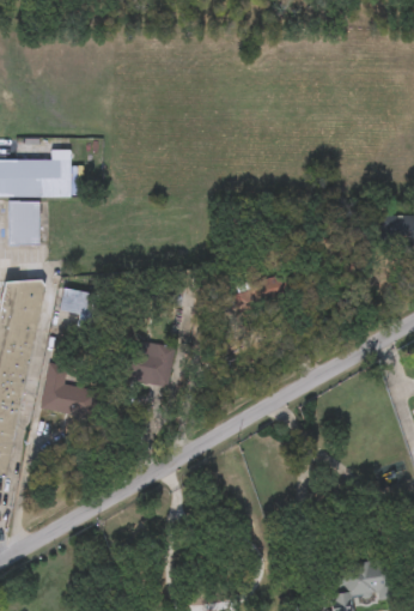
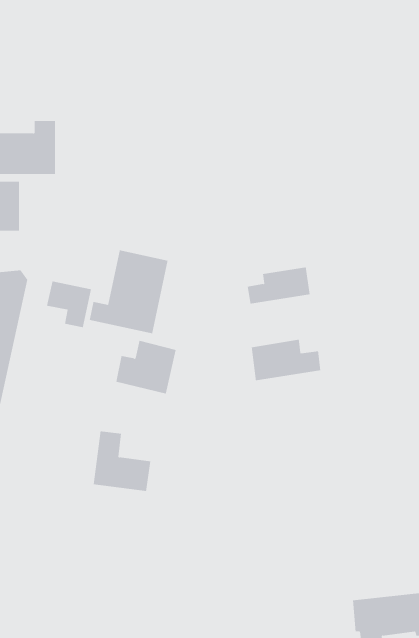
building: none -> [89,250,168,334]
building: none -> [251,339,321,381]
building: [43,363,93,416] -> [93,431,151,492]

